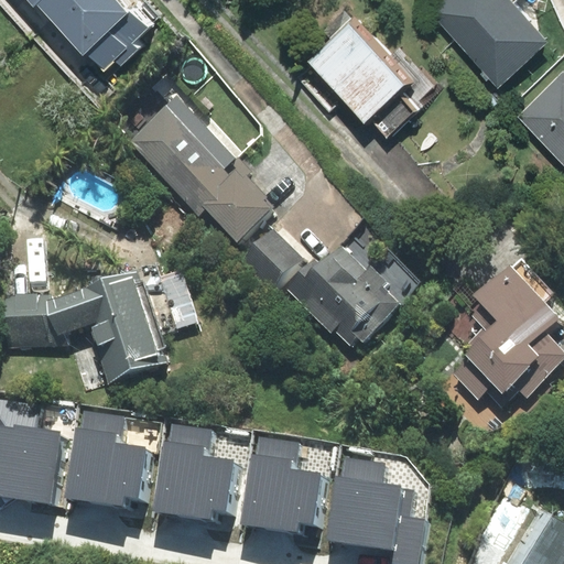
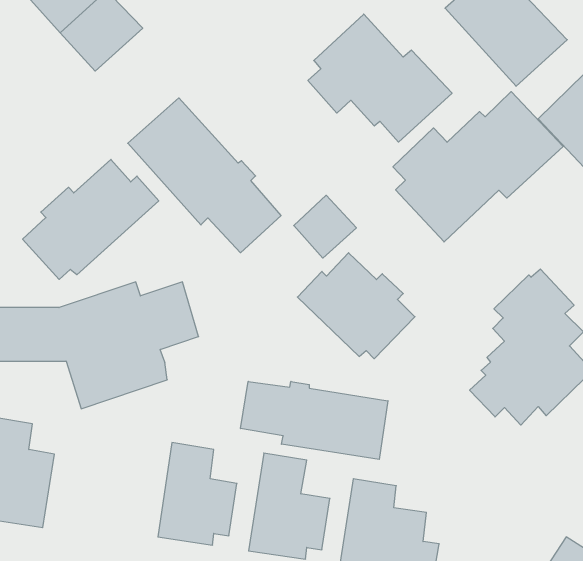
building: none -> [393,92,563,242]
building: none -> [23,159,159,279]
building: [241,229,301,289] -> [294,195,356,258]
building: none -> [241,381,388,459]
building: [67,410,144,508] -> none

